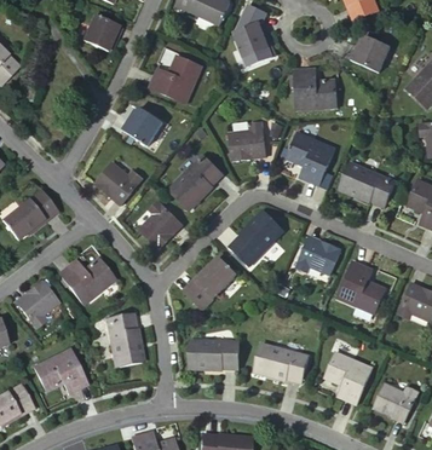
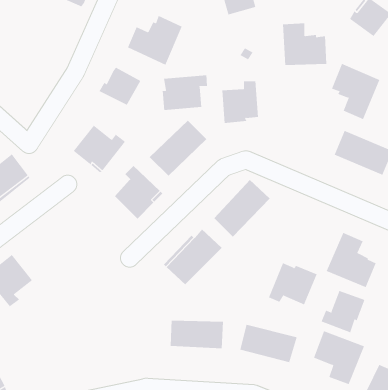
building: none -> [162,75,208,111]
building: [280,135,326,189] -> [331,63,380,120]
building: [293,237,339,277] -> [268,262,317,305]
building: [59,259,116,304] -> none
building: [108,312,142,365] -> none
building: none -> [321,290,365,333]
building: [36,345,88,390] -> none

